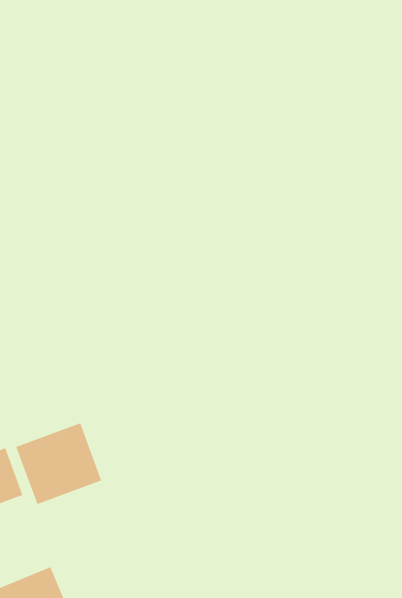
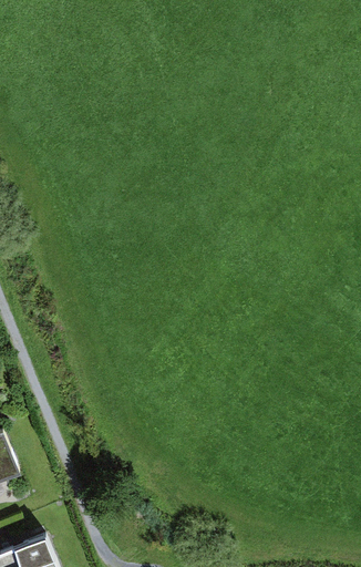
building: [15,423,102,505] -> none

